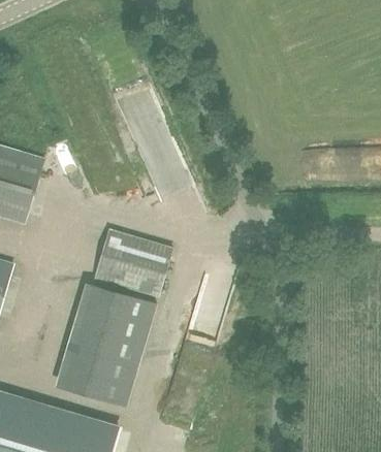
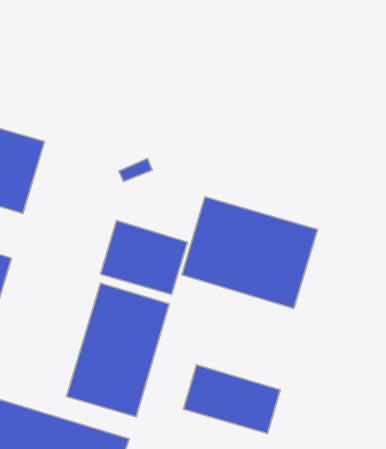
building: none -> [182,197,317,309]
building: none -> [183,365,280,434]

